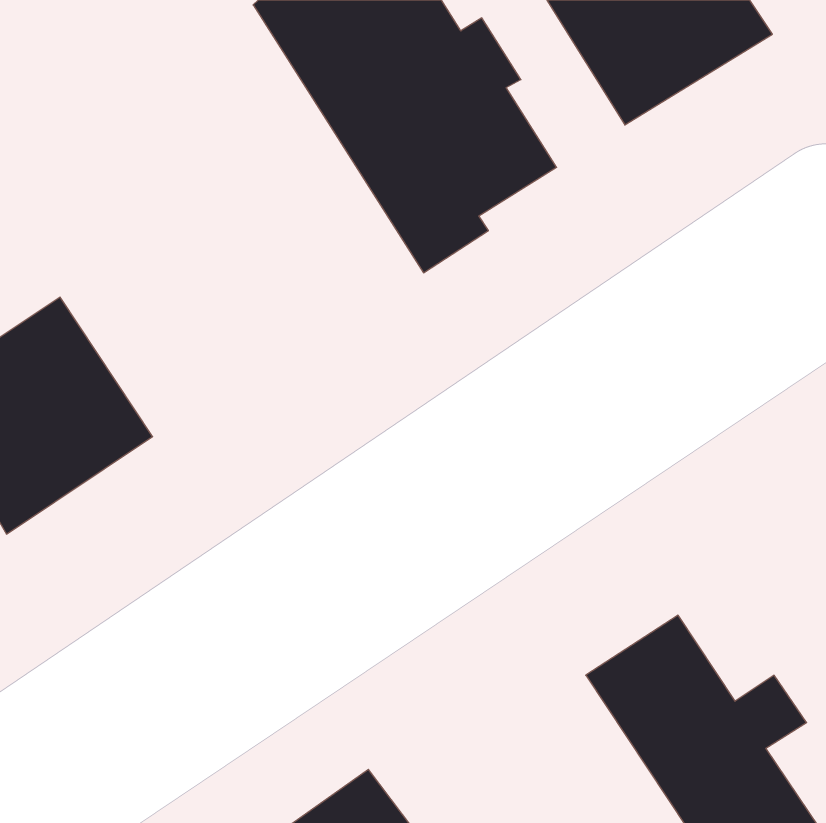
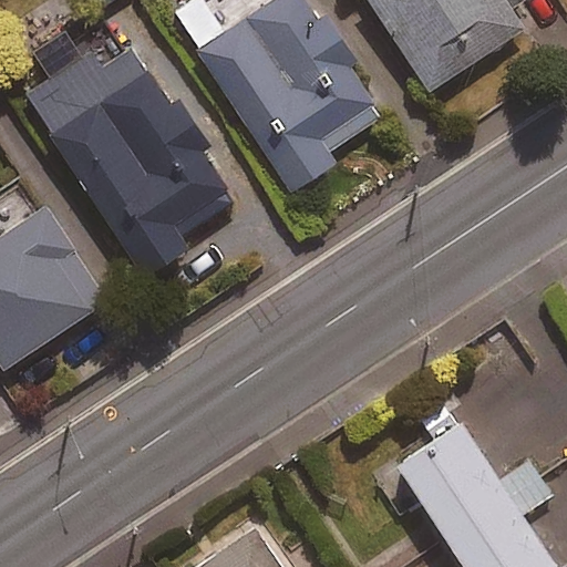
building: none -> [27,25,233,276]

